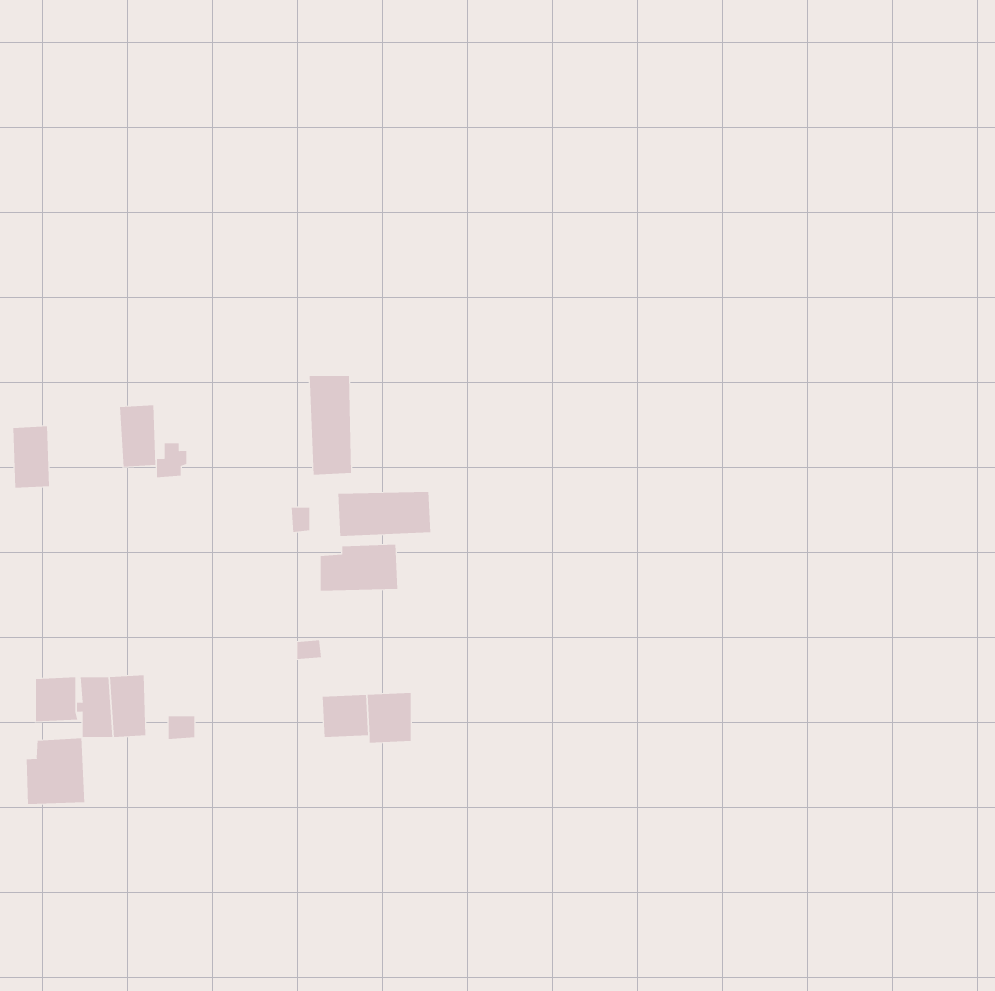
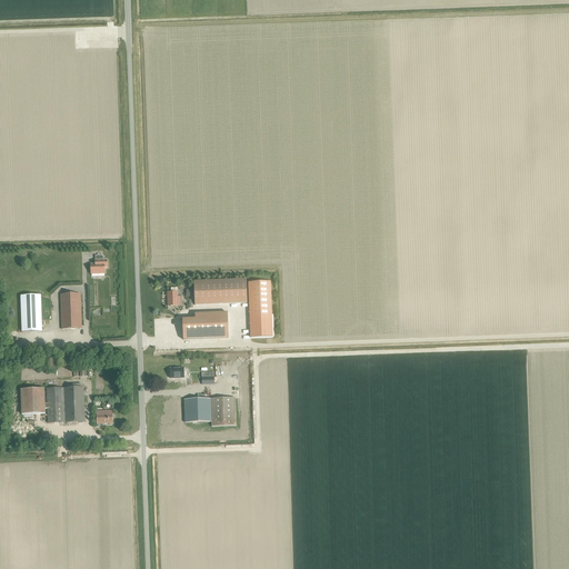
building: [309,376,352,475] -> [247,279,271,336]
building: [119,405,156,467] -> [59,291,80,327]
building: [13,426,50,488] -> [20,292,41,328]
building: [26,737,85,805] -> none

